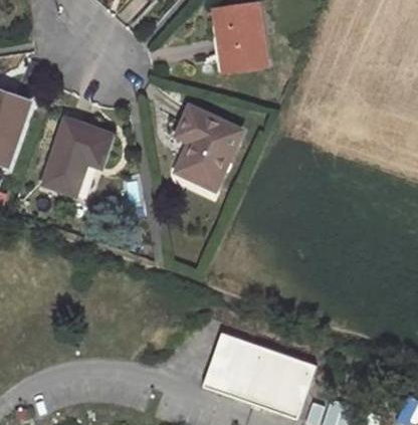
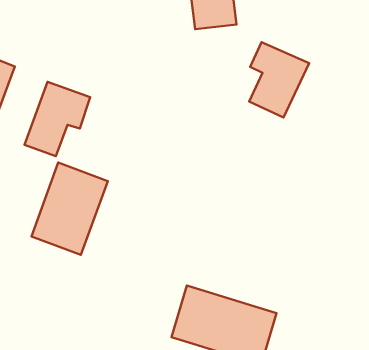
building: [175,104,238,184] -> [249,42,309,118]
building: none -> [31,162,108,255]

